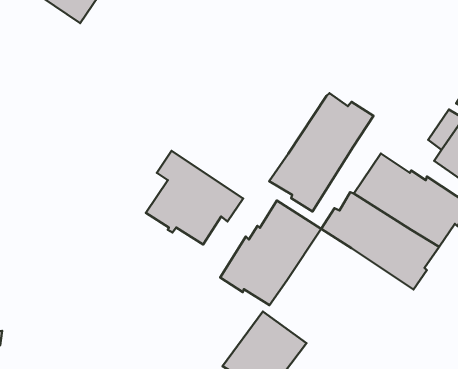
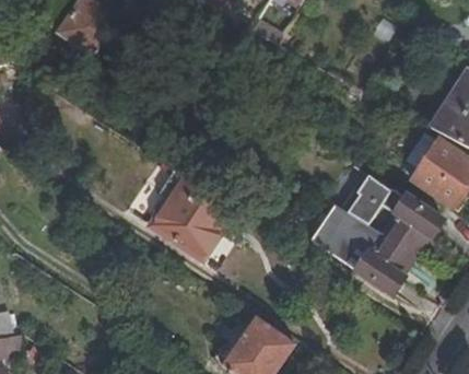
building: [269,93,373,211] -> none
building: [220,201,321,305] -> none

